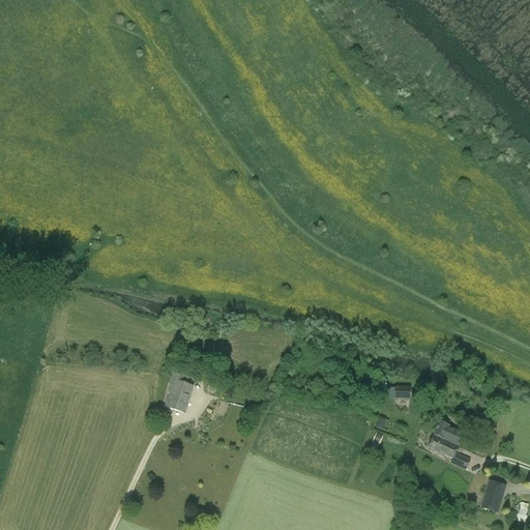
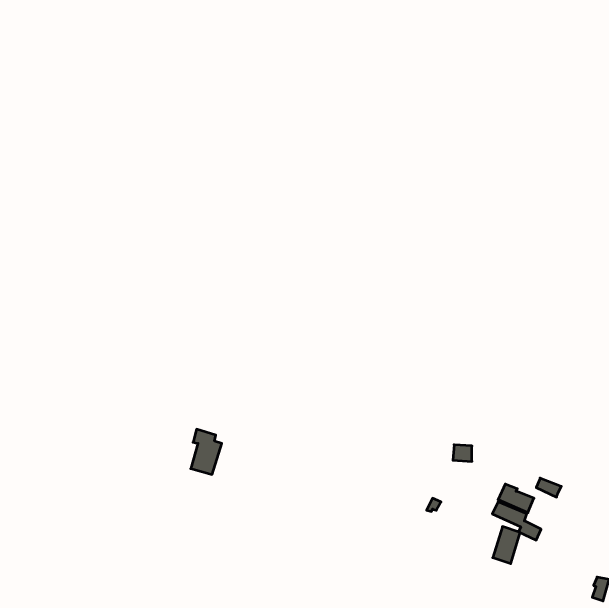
building: [481,480,505,512] -> [493,527,520,564]

